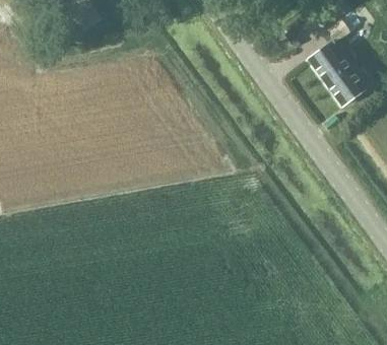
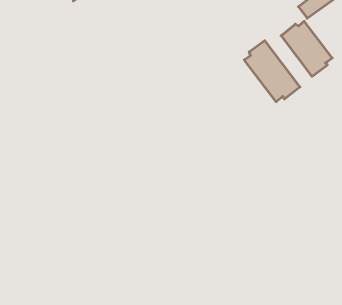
building: none -> [244,41,300,102]

